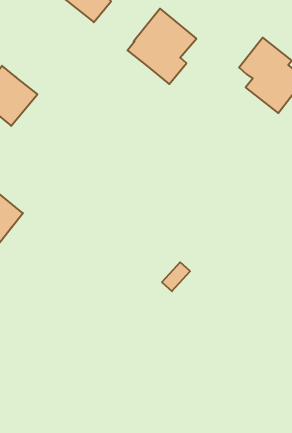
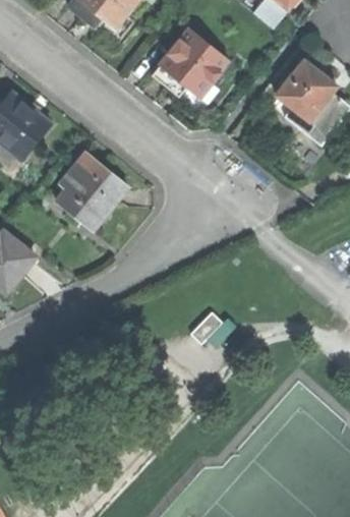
building: none -> [56,152,127,229]

